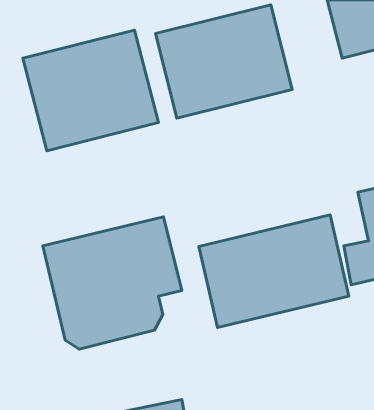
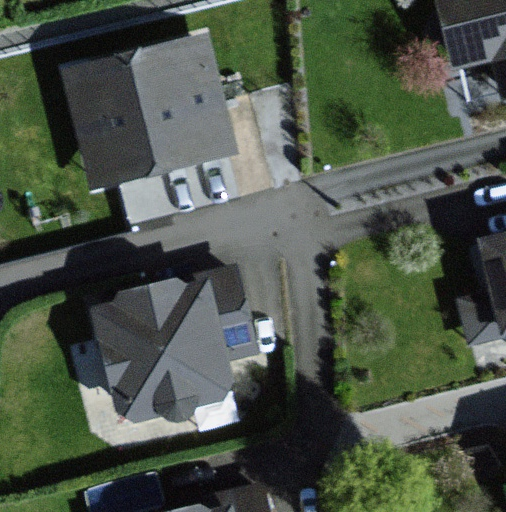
building: [155,5,292,118] -> none
building: [199,215,349,328] -> none

